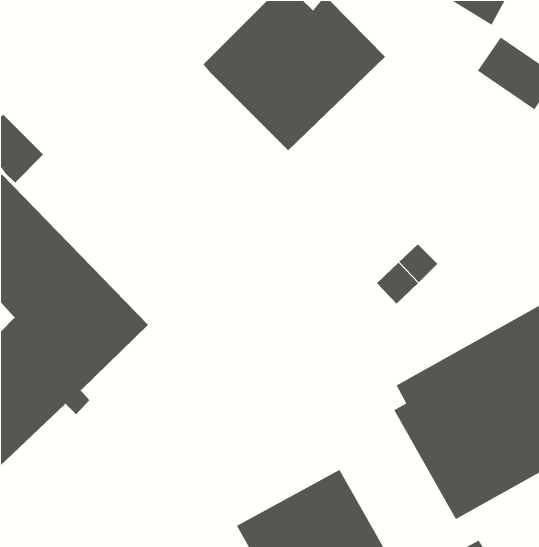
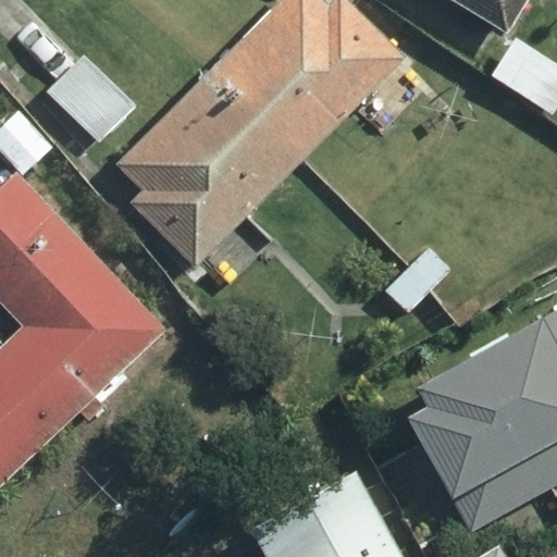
building: none -> [104,66,301,264]

